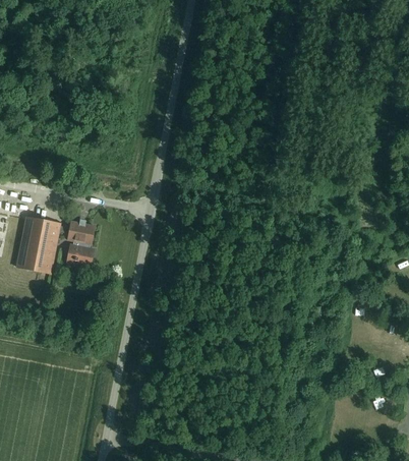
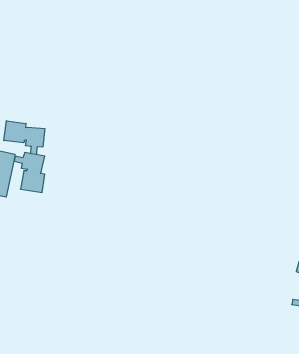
building: none -> [4,121,45,154]

